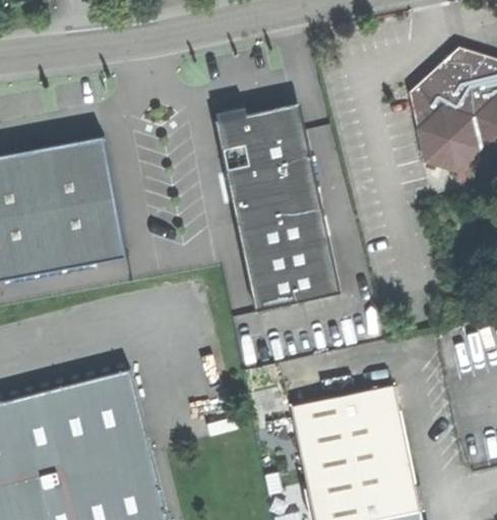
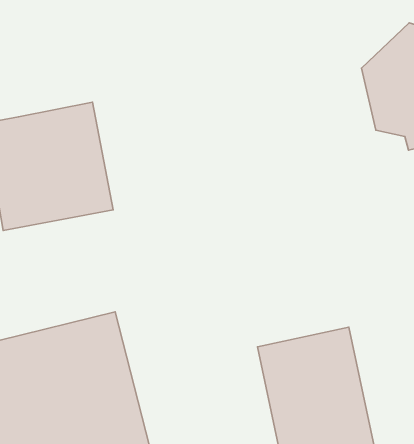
building: [214,111,339,312] -> none

